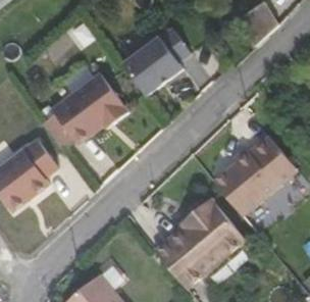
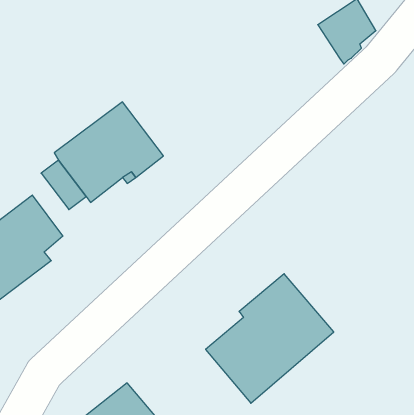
building: [121,29,189,97] -> none
building: [214,135,298,214] -> none

